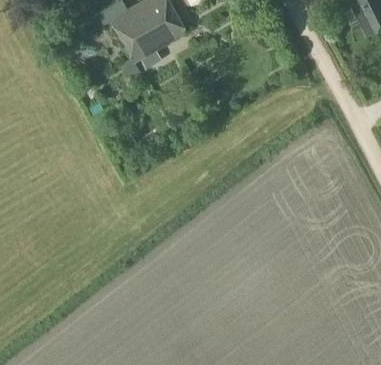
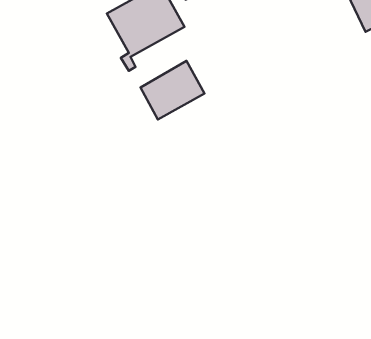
building: none -> [141,61,205,120]

